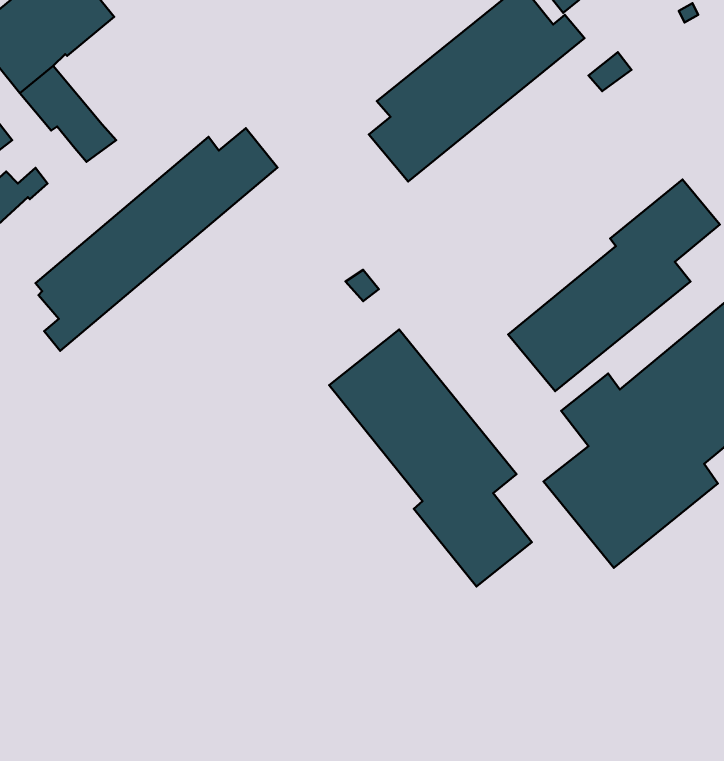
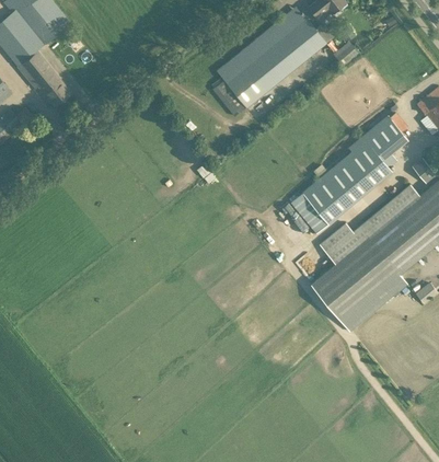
building: [35,128,278,351] -> none
building: [329,329,532,586] -> none

